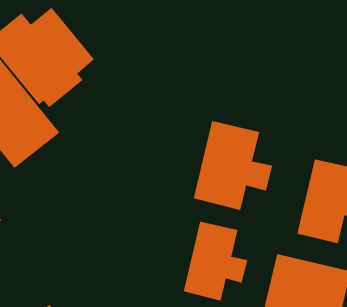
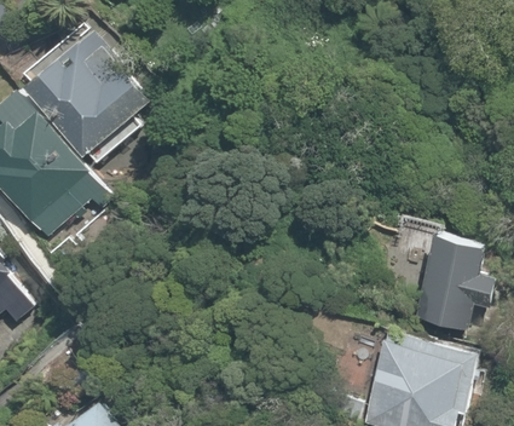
building: [193,120,273,211] -> none
building: [183,221,248,302] -> none

